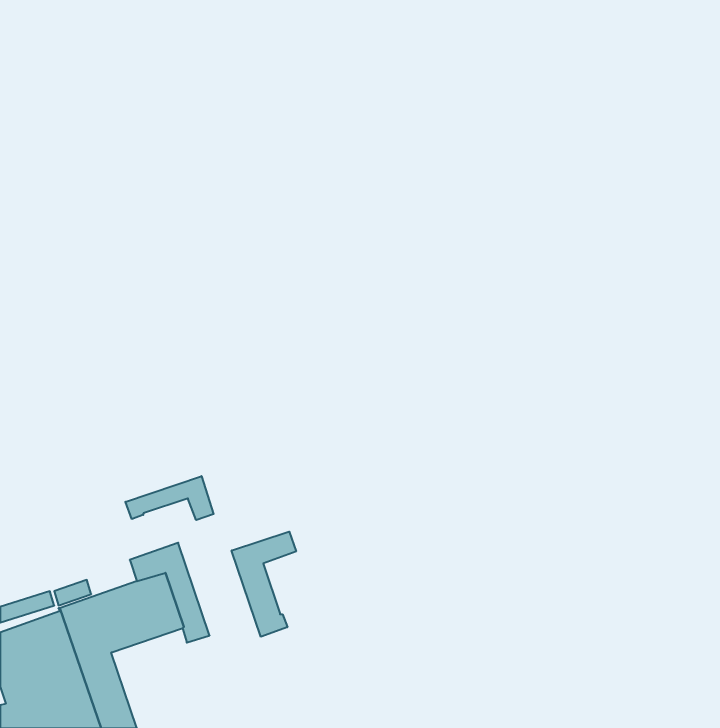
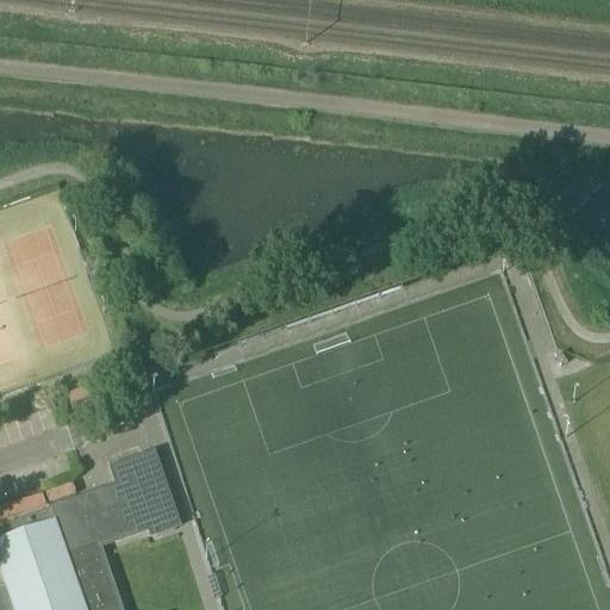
building: [125,476,214,520] -> none
building: [232,532,296,637] -> none

